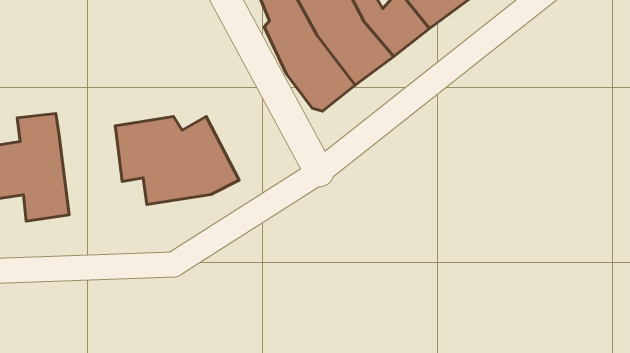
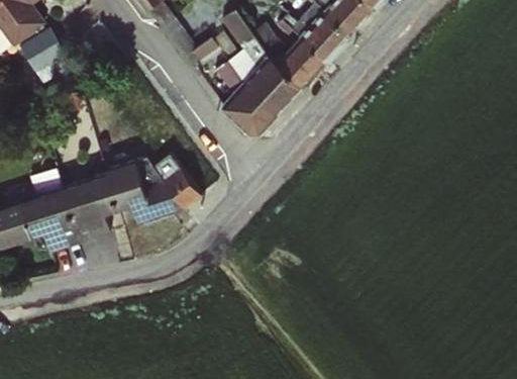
building: none -> [61,176,113,245]

